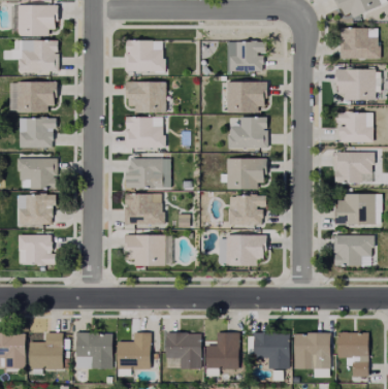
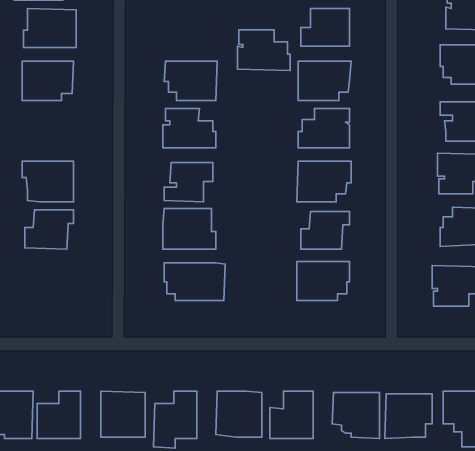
building: [122,43,162,74] -> [238,30,290,70]
building: [20,119,57,148] -> none
building: [19,234,56,265] -> none

